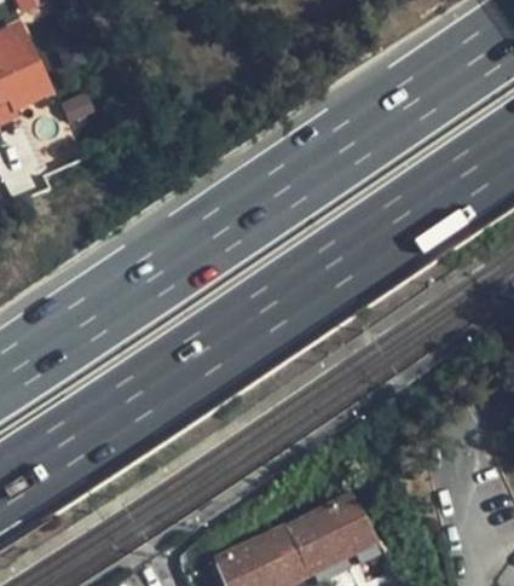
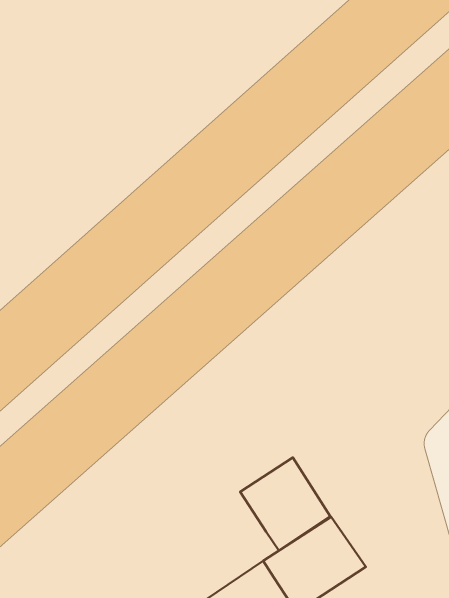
building: none -> [240,457,330,551]

